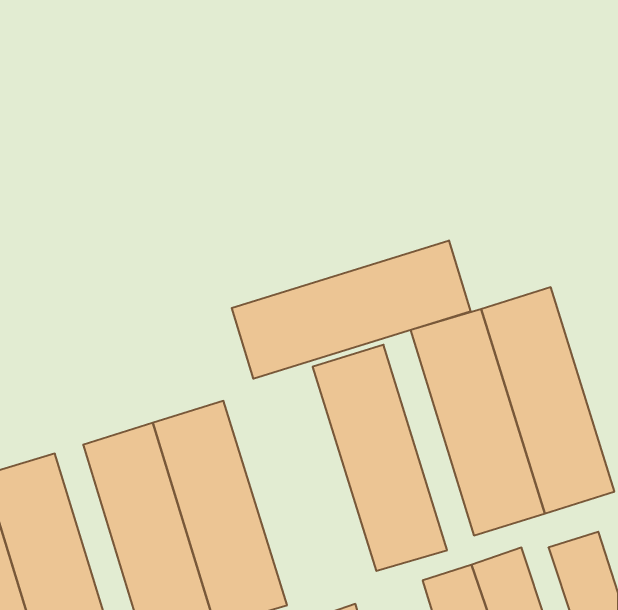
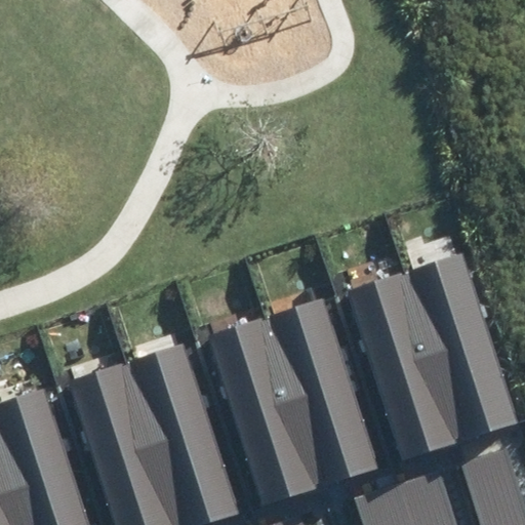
building: [232,240,471,379] -> none
building: none -> [204,320,316,510]

